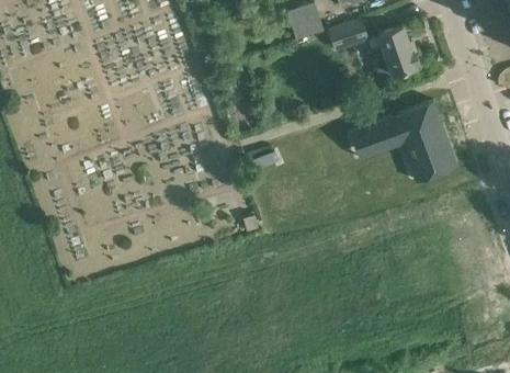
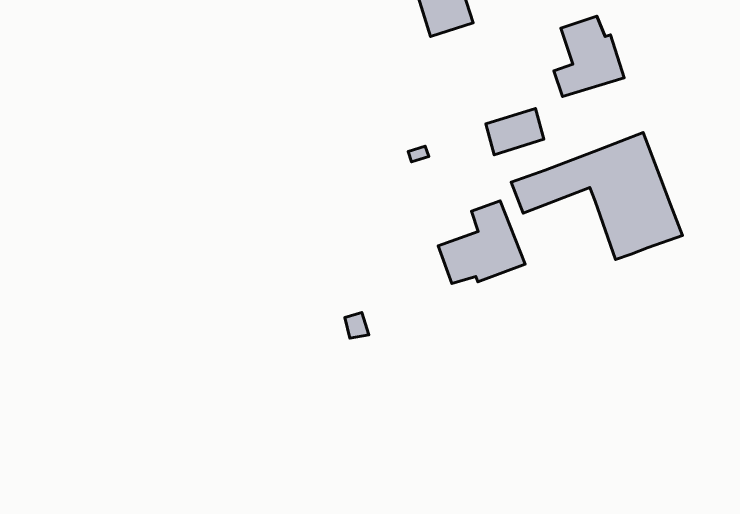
building: [330,21,367,50] -> [486,108,544,155]
building: none -> [438,201,525,283]

